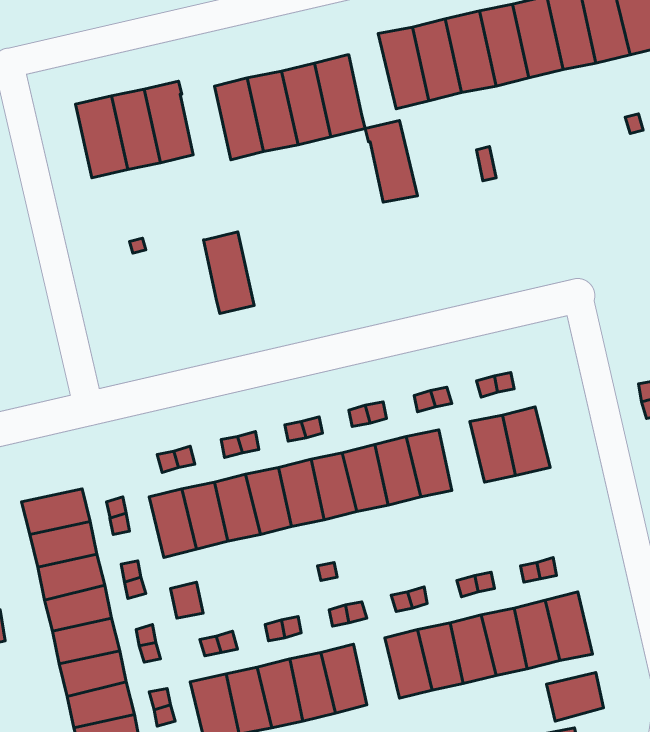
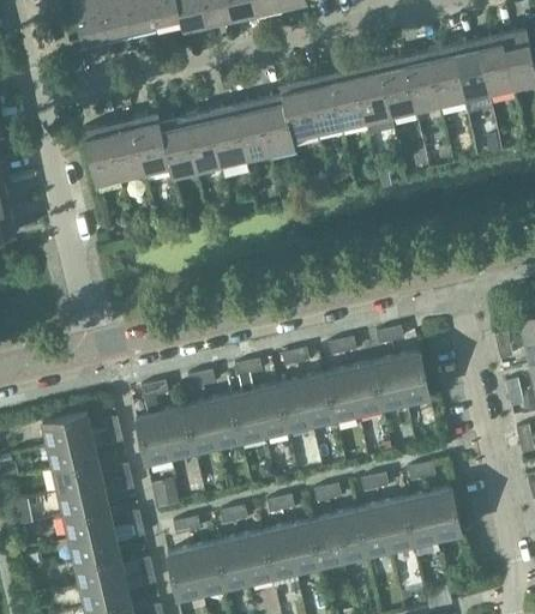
building: [365,120,417,202] -> [278,82,317,142]
building: [204,232,254,314] -> [158,120,196,180]
building: none -> [348,366,381,416]
building: none -> [285,524,319,573]
building: [546,673,604,721] -> none

